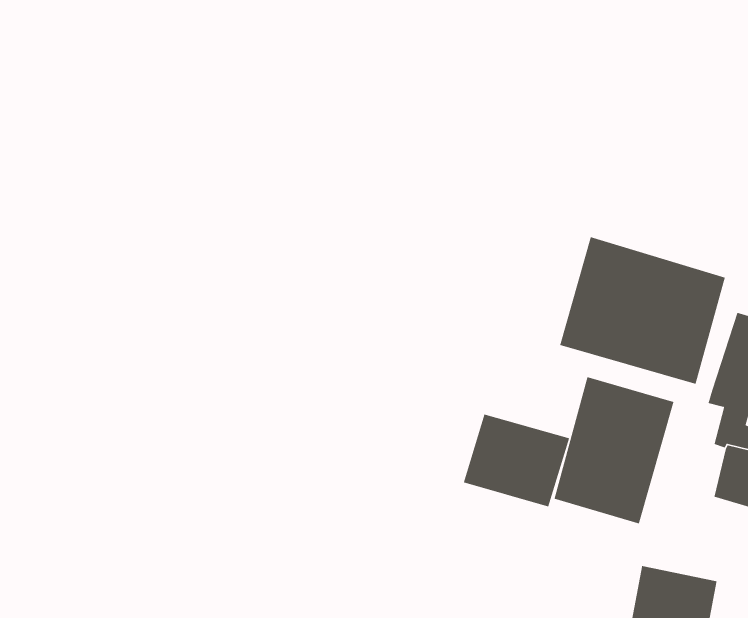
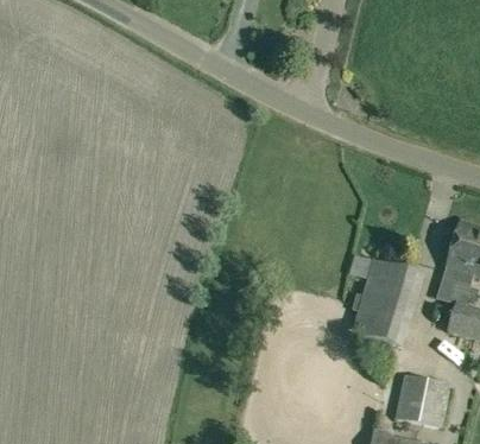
building: [559,236,726,385] -> none
building: [463,413,570,507] -> none

